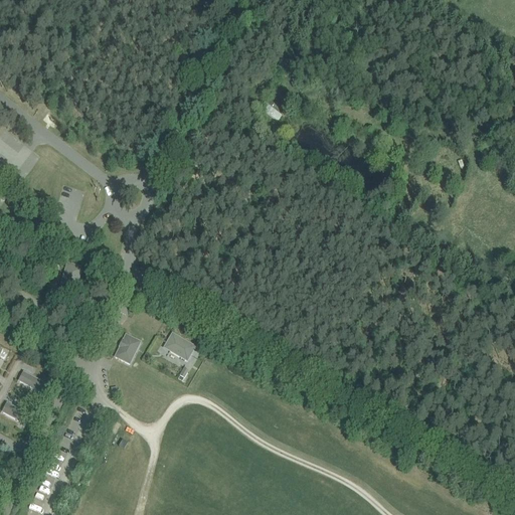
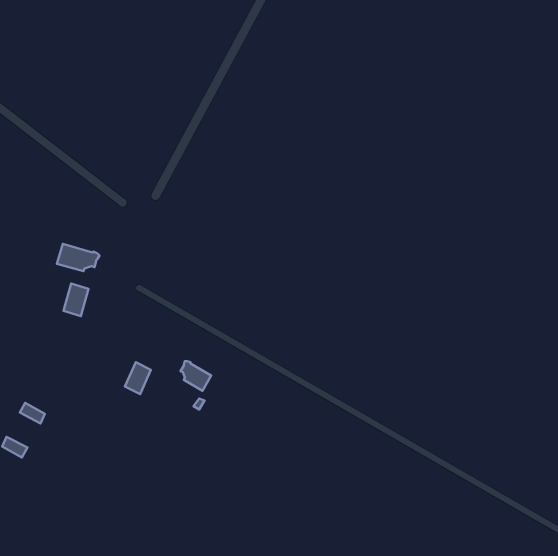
building: none -> [57,244,99,271]

